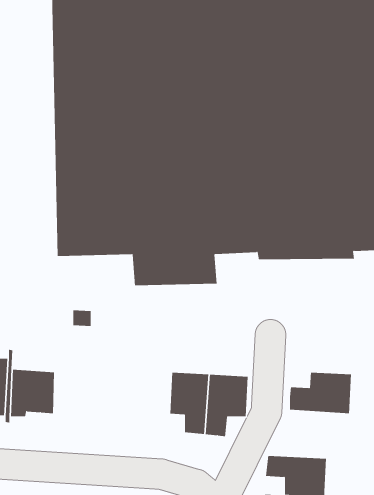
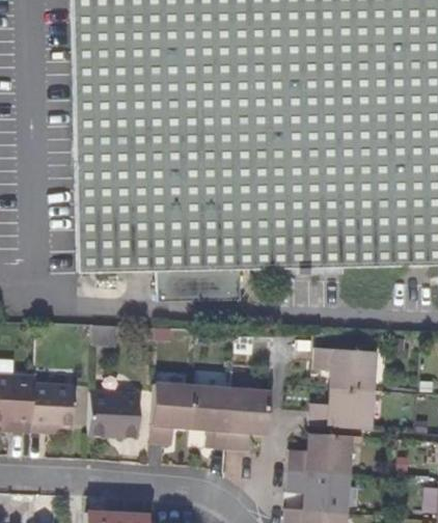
building: none -> [313,347,374,389]
building: none -> [149,385,192,446]
building: none -> [89,392,140,437]
building: none -> [288,433,349,473]

